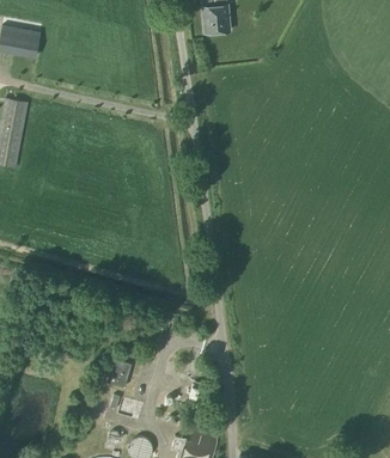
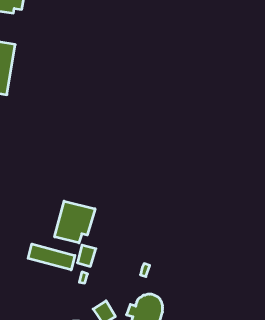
building: none -> [55,201,95,243]
building: none -> [28,244,75,270]

